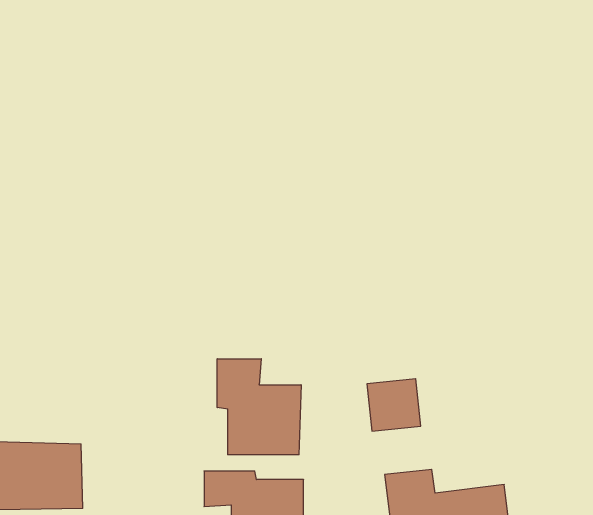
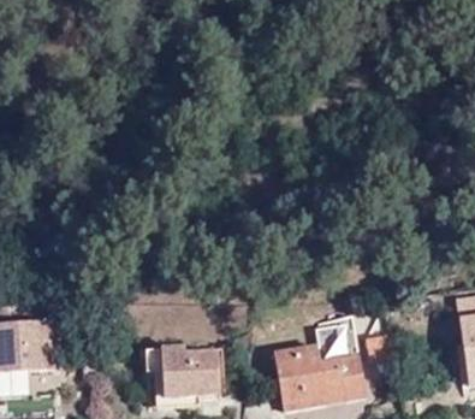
building: [217,359,301,455] -> none
building: [367,379,421,431] -> [313,319,351,356]

